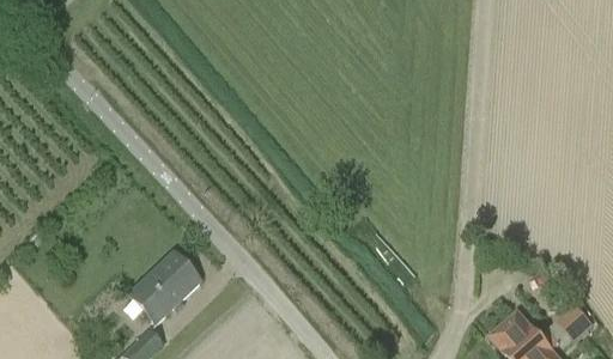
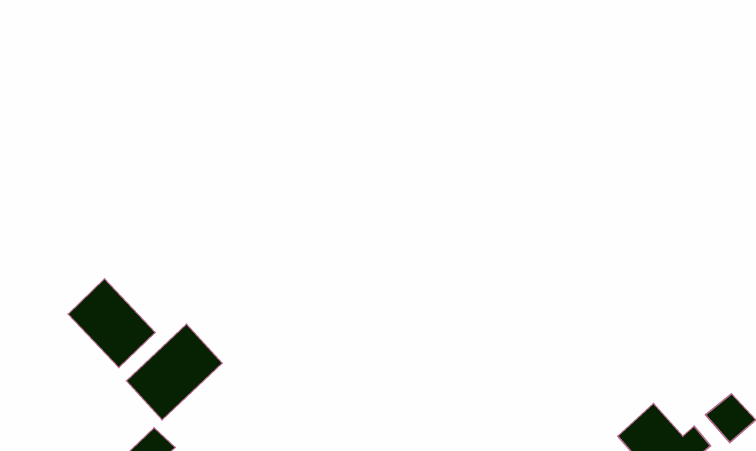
building: none -> [68,279,155,368]

